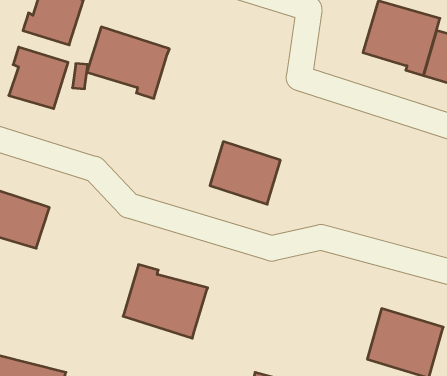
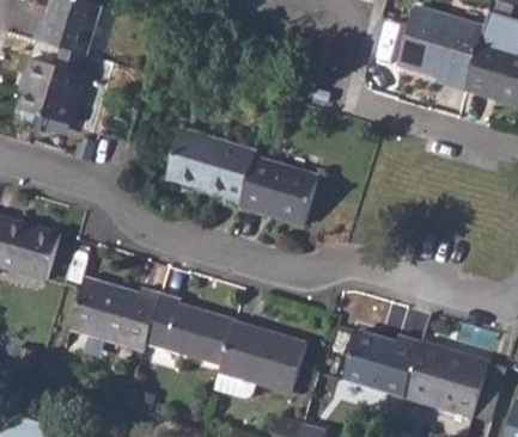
building: [87,27,169,98] -> [160,129,250,207]
building: none -> [66,277,156,356]
building: none -> [211,320,301,396]
building: none -> [345,330,420,395]

